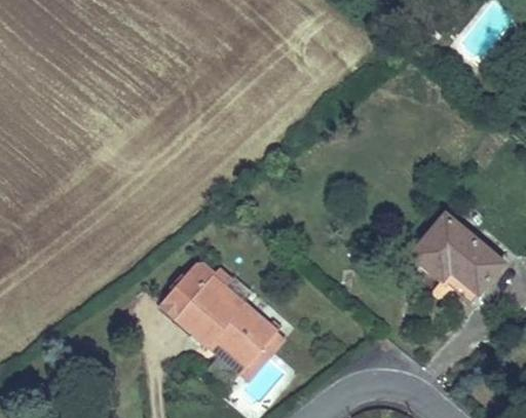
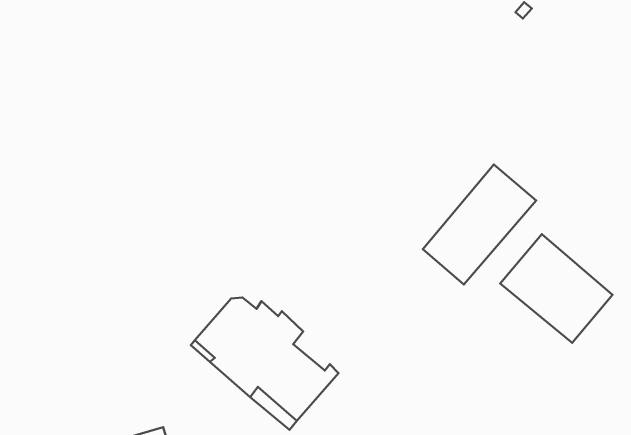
building: none -> [423,165,536,284]

